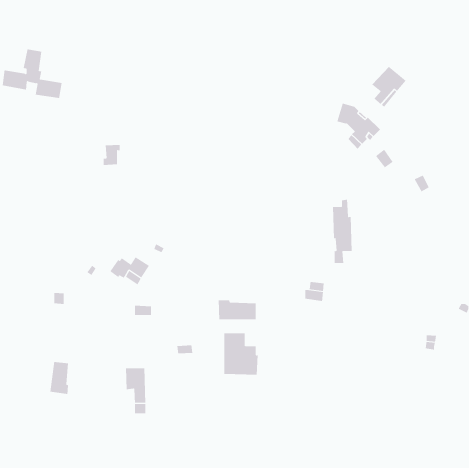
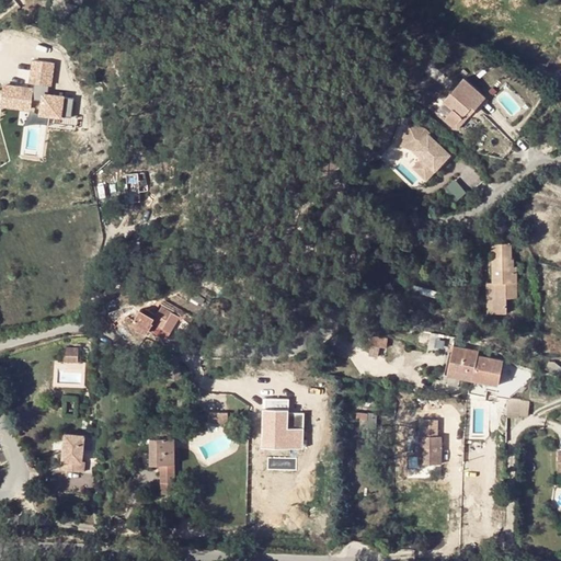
building: [332,199,352,263] -> [491,237,515,313]
building: none -> [447,347,502,386]
building: [218,300,256,320] -> none
building: none -> [417,423,439,466]

